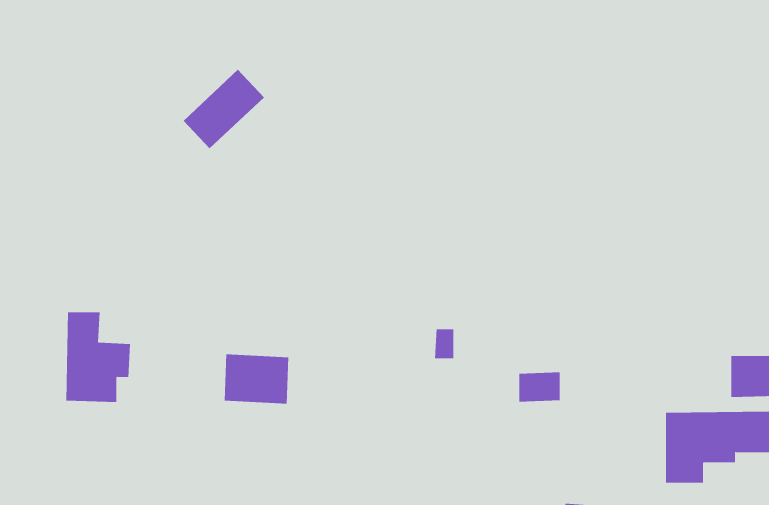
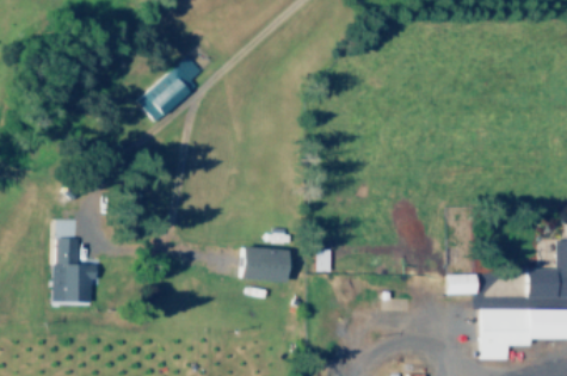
building: [224,354,289,404] -> [241,246,288,282]
building: [519,372,561,402] -> [449,273,479,295]

